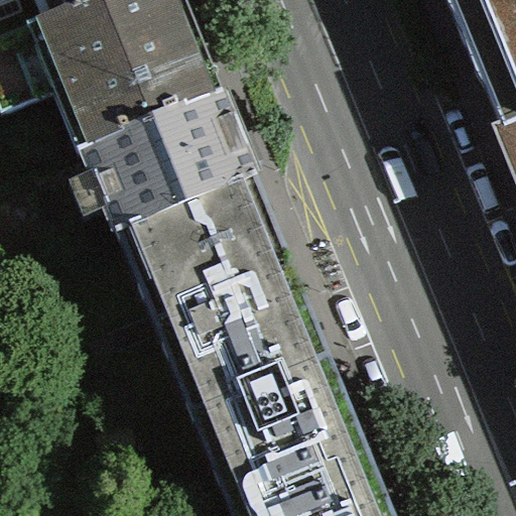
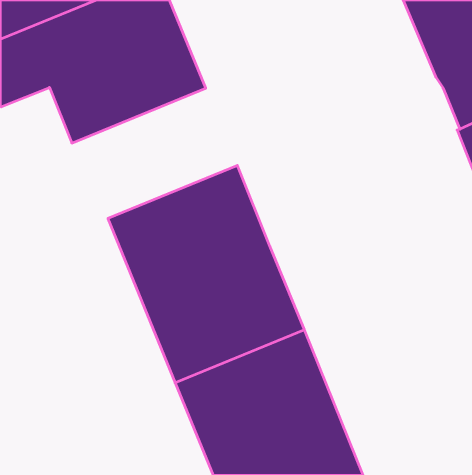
building: [82,96,267,237] -> none

